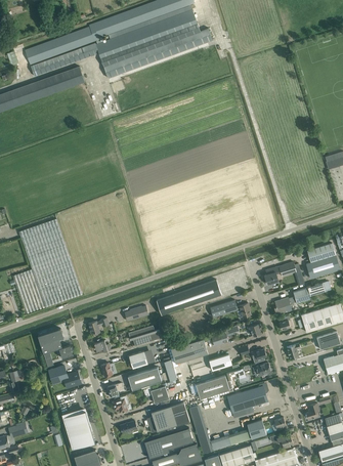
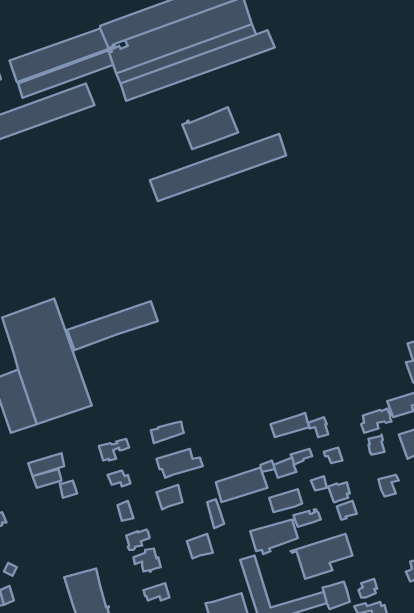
building: none -> [182,107,238,149]
building: none -> [150,134,286,201]
building: [263,262,302,285] -> none
building: [156,281,220,315] -> [67,301,158,350]
building: [48,364,79,386] -> none
building: [127,368,161,390] -> none
building: [146,403,188,432] -> none

